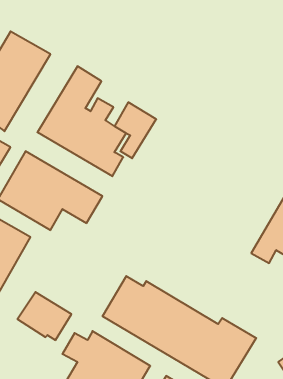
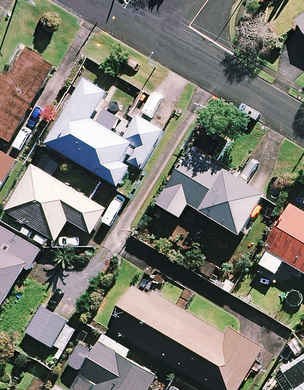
building: none -> [155,148,266,237]

